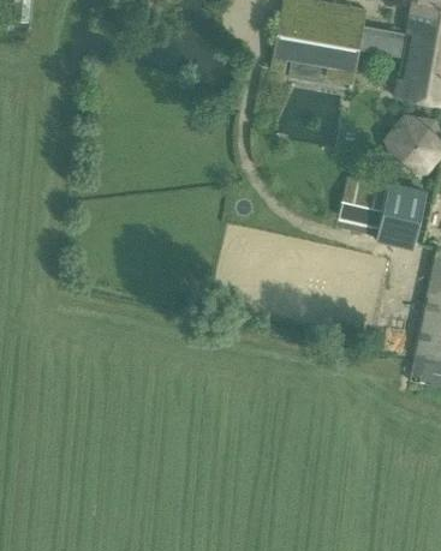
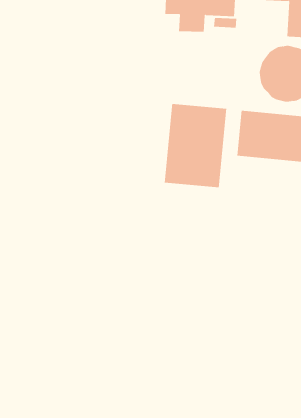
building: none -> [164,103,227,188]

